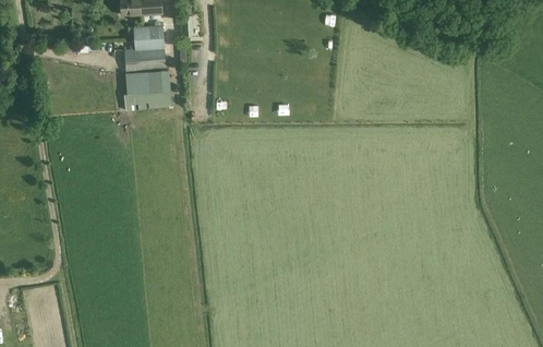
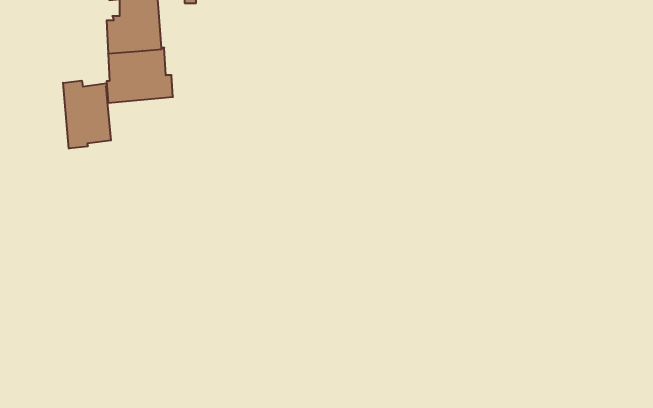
building: none -> [63,81,111,149]

